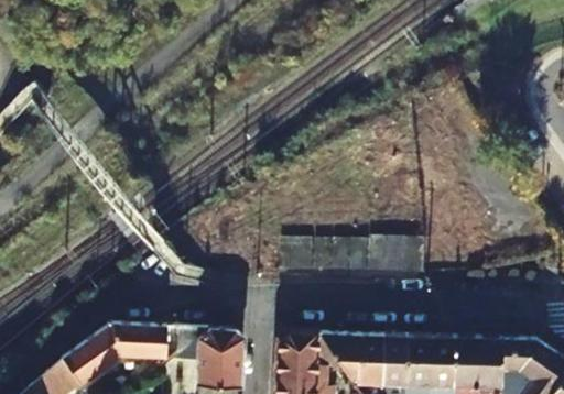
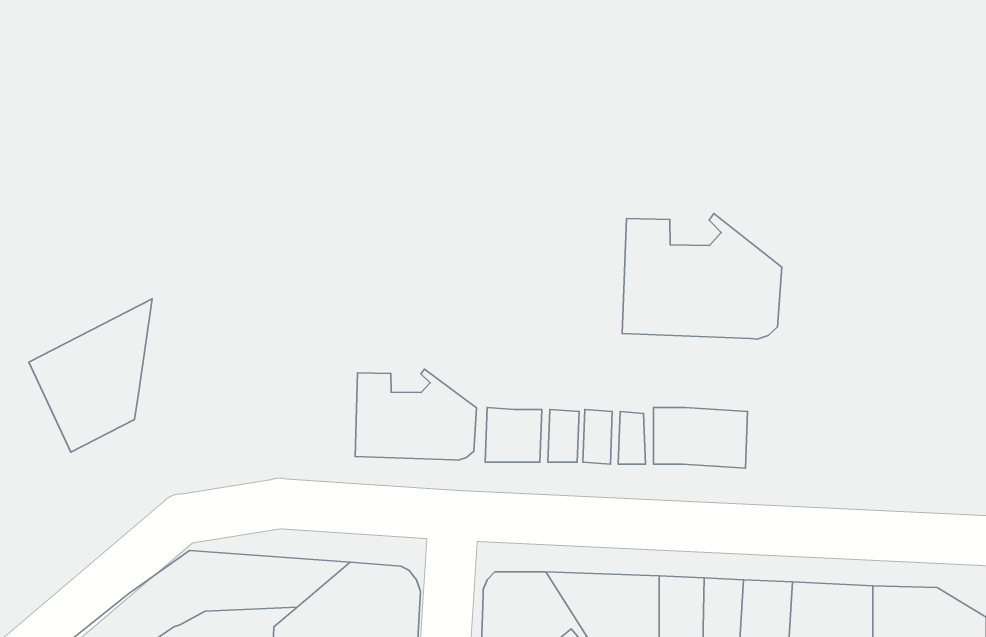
building: none -> [622,214,782,339]
building: none -> [29,299,152,452]
building: none -> [355,369,477,460]

